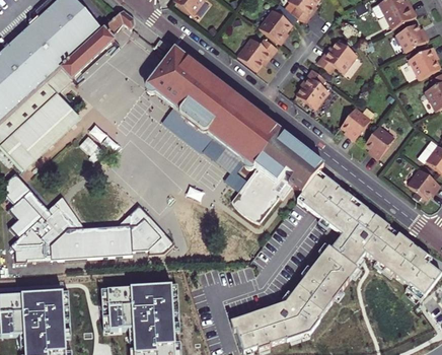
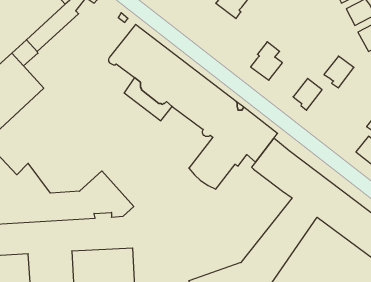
building: [236,38,277,70] -> none
building: [316,40,357,73] -> none
building: [363,125,394,158] -> [324,56,354,88]

